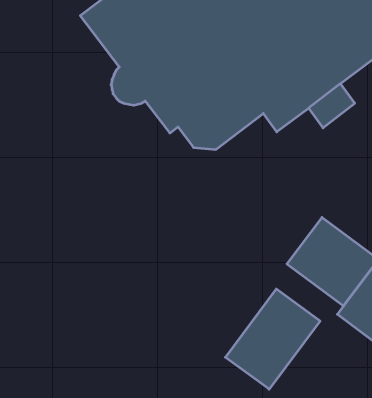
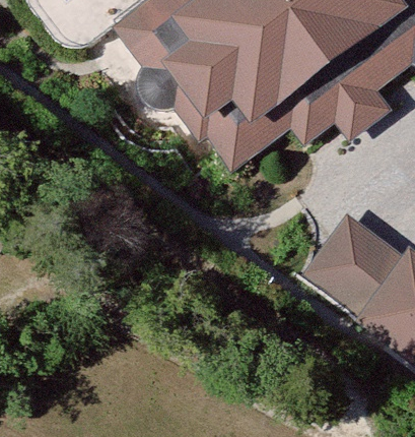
building: [225,289,320,389] -> none

